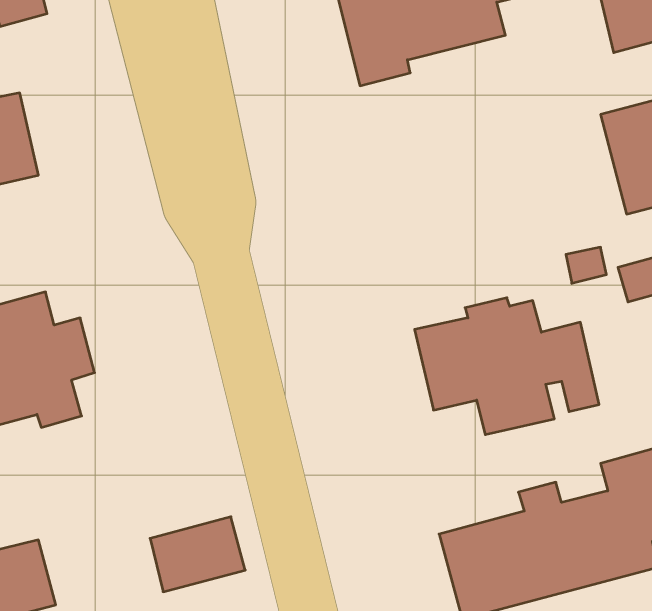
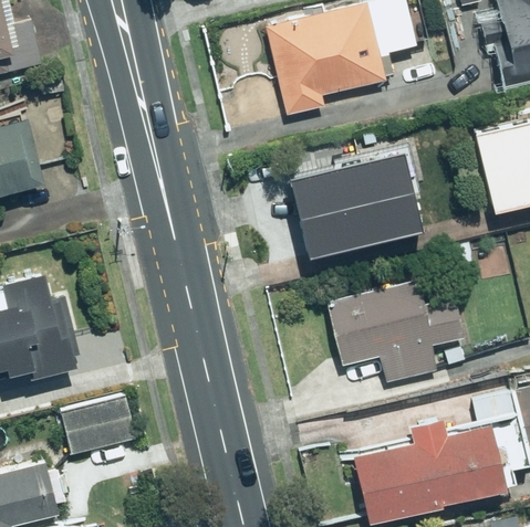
building: none -> [283,154,420,260]
building: [150,517,245,592] -> [64,398,137,455]

